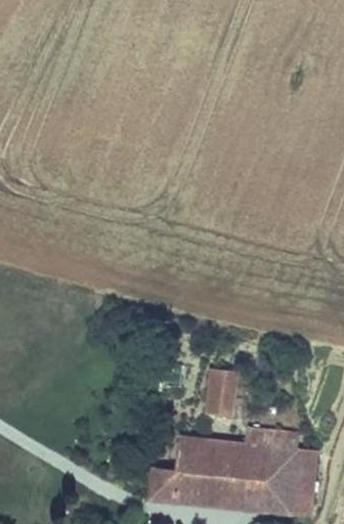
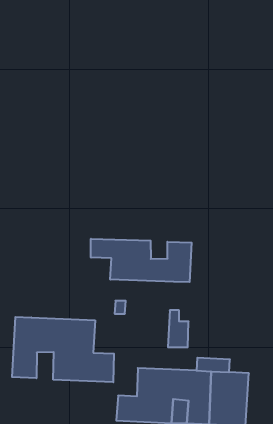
building: none -> [91,239,192,282]
building: none -> [12,317,114,382]

